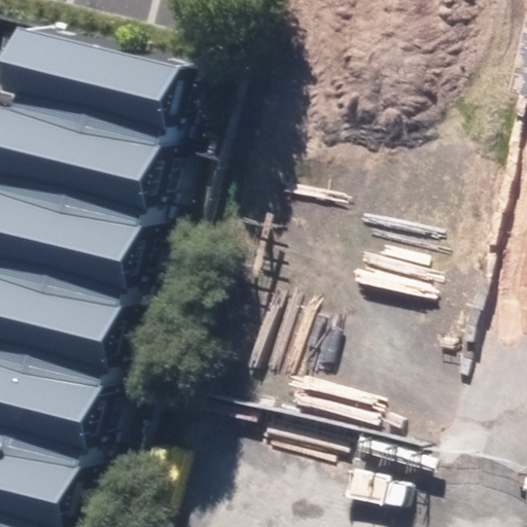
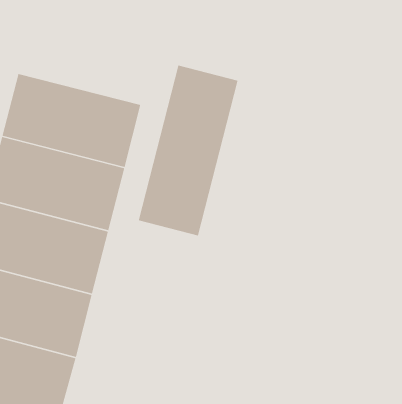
building: [23,26,200,146] -> none
building: none -> [138,65,239,236]

